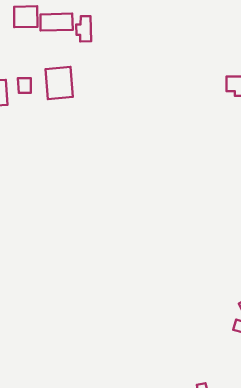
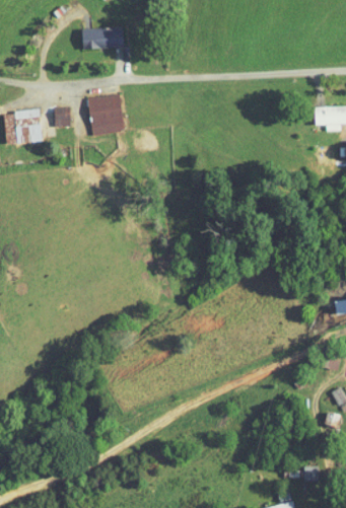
building: [14,6,38,27] -> none
building: [76,16,91,42] -> none

